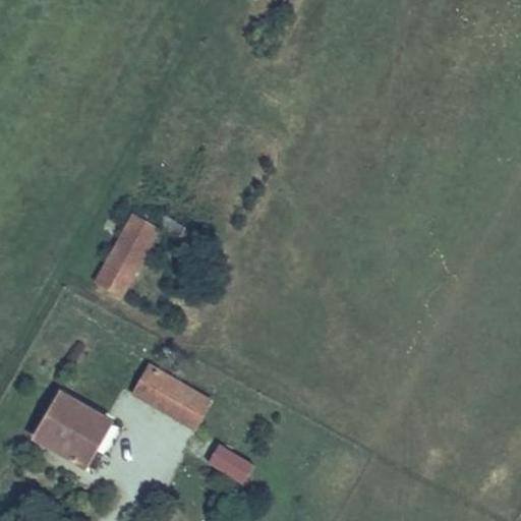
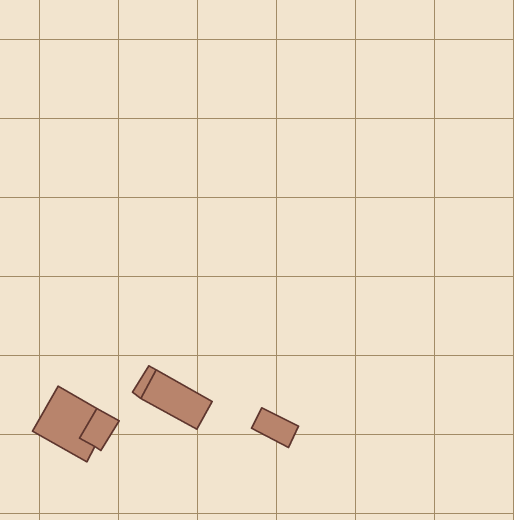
building: [95,213,160,295] -> none
building: [201,446,248,485] -> [252,408,299,448]

